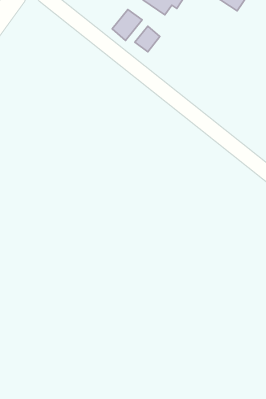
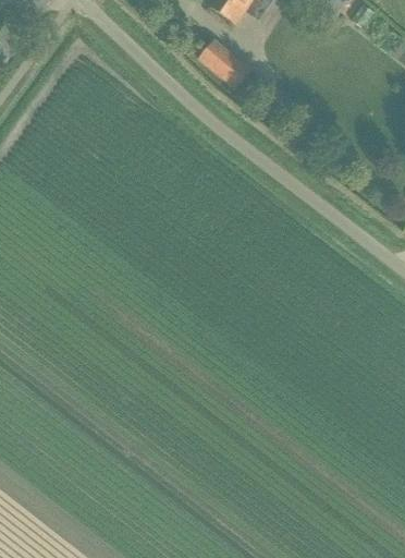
building: [112,9,142,41] -> none

